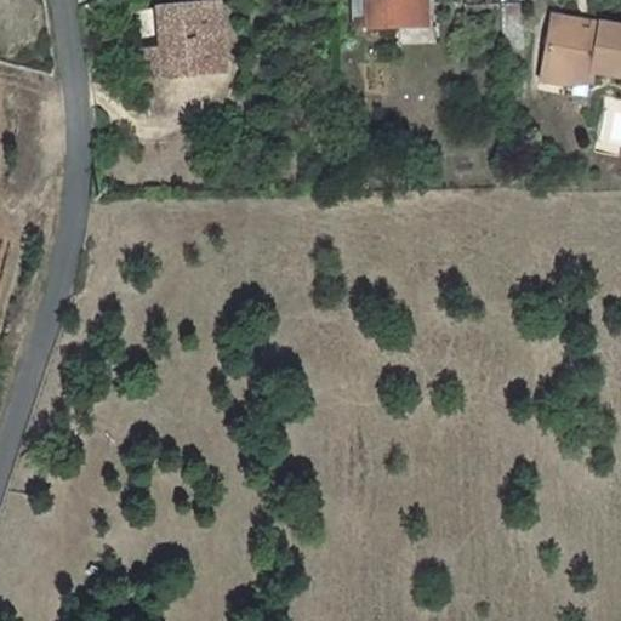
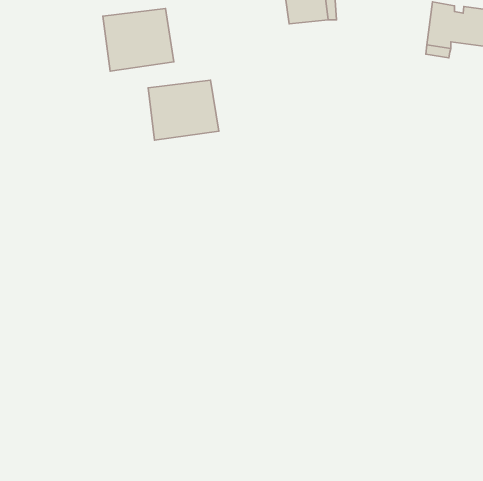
building: none -> [148,80,219,140]

